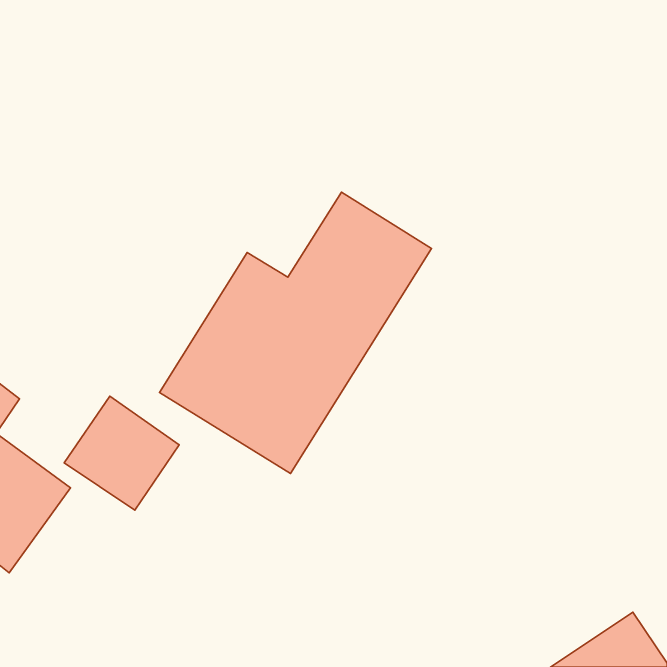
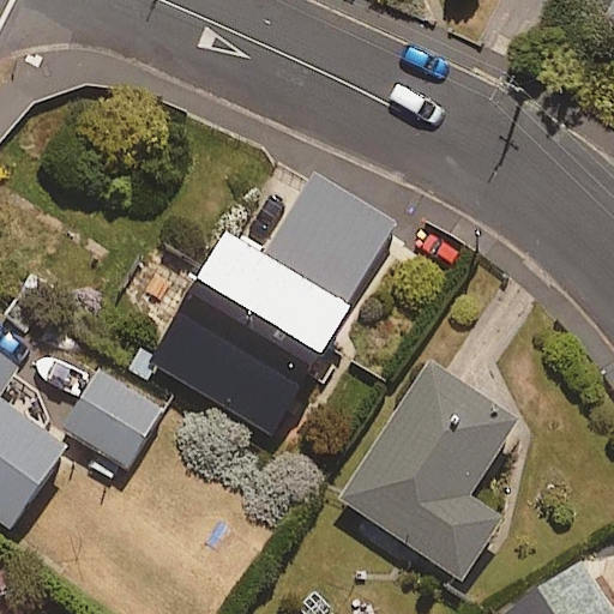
building: none -> [339,363,517,580]

